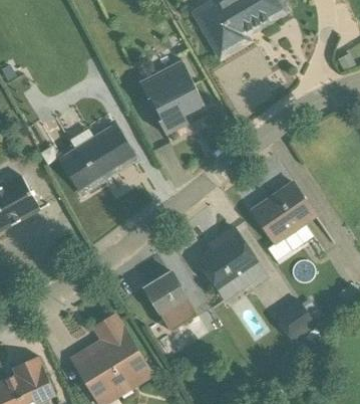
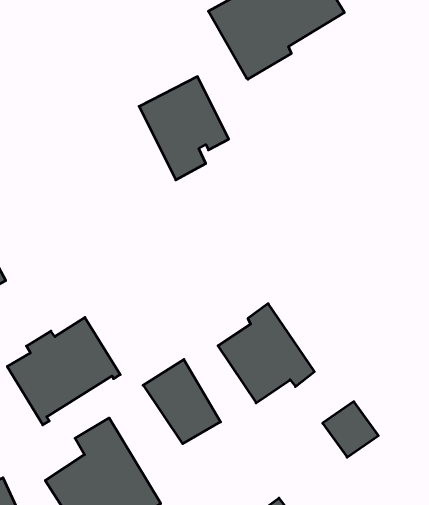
building: [56,118,139,197] -> [7,317,120,425]
building: [252,181,317,259] -> none

